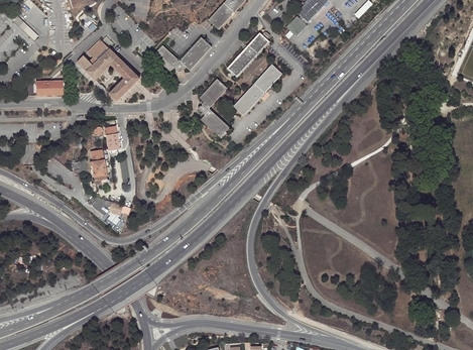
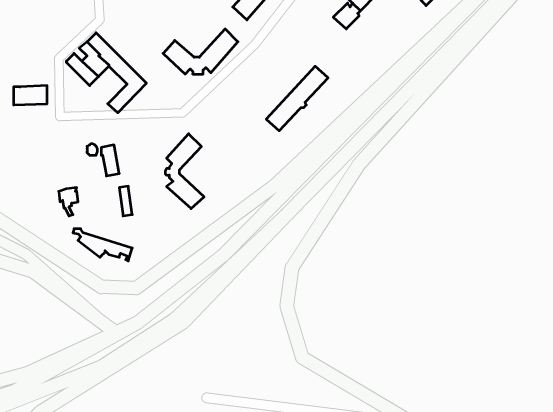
building: [226,32,269,78] -> none
building: [198,79,228,137] -> [165,134,204,209]
building: [88,149,105,186] -> none

